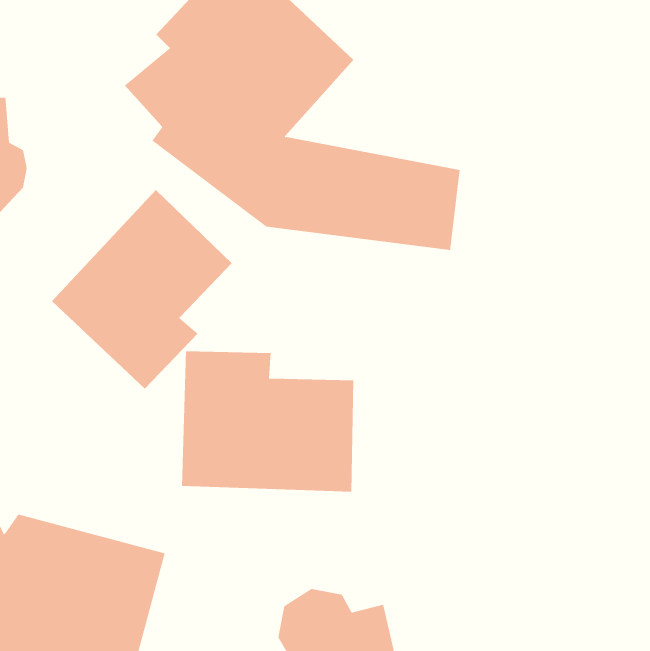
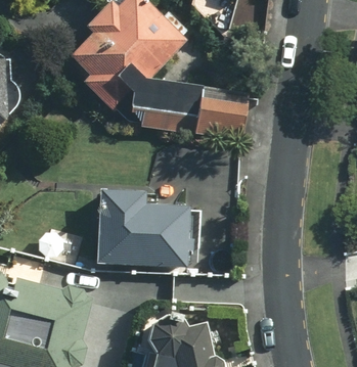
building: [51,189,232,390] -> none

